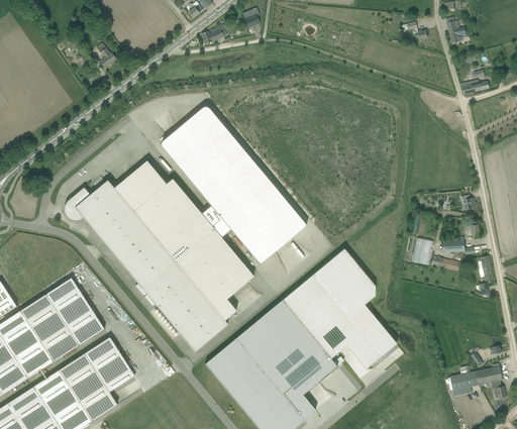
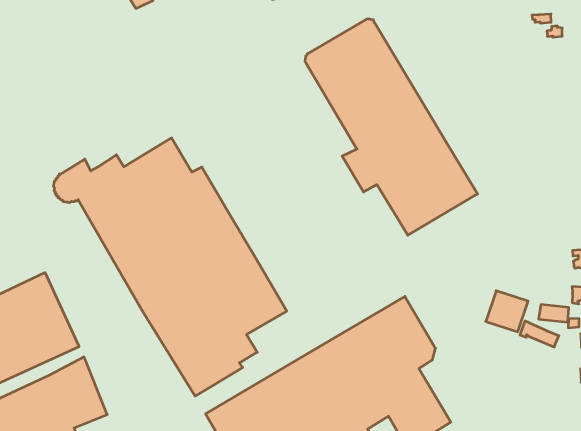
building: [163,107,308,264] -> [305,19,478,235]

